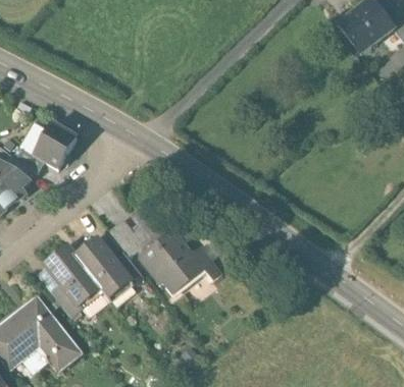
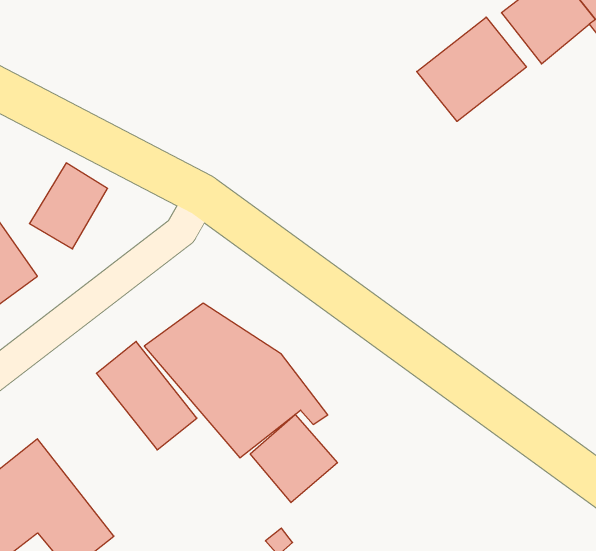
building: none -> [417,17,526,121]
building: [40,242,106,313] -> none
building: none -> [250,414,337,503]

